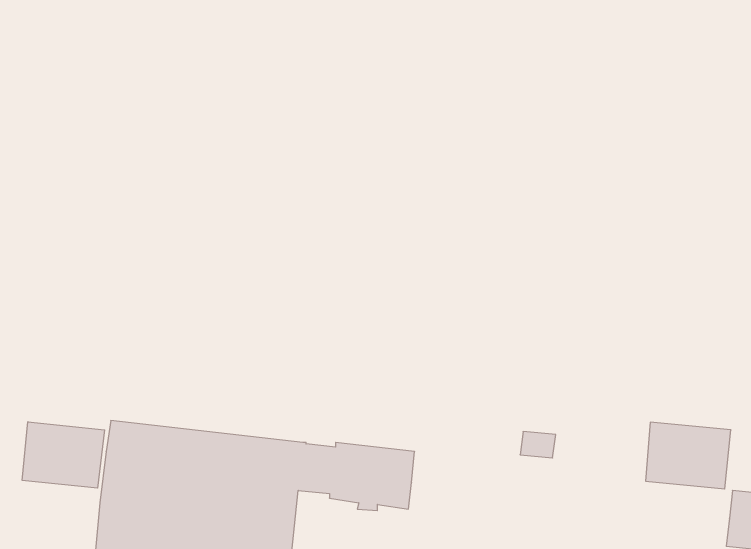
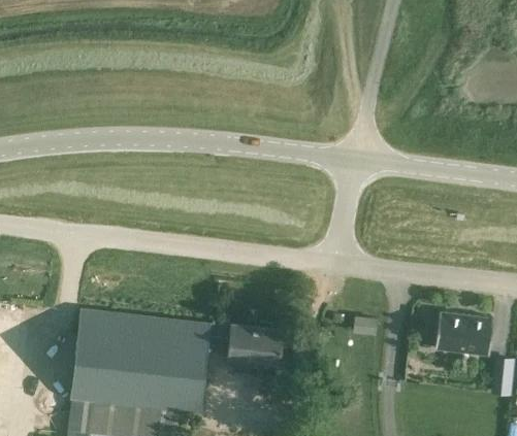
building: [22,422,105,488] -> none

